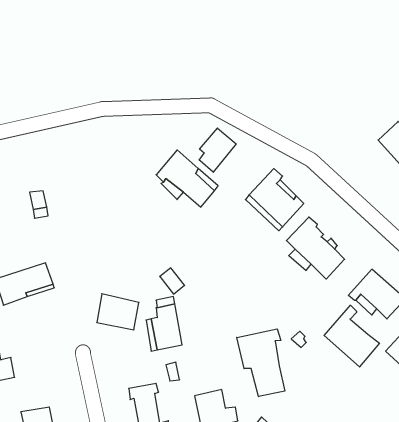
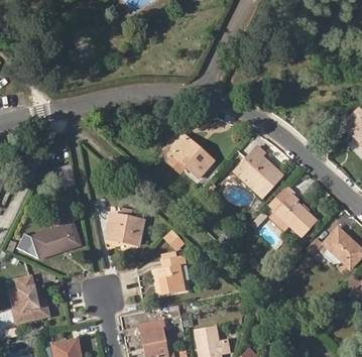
building: [199,128,236,172] -> none
building: [97,294,139,330] -> [107,214,141,243]
building: [324,305,379,367] -> none
building: [237,329,285,397] -> none

